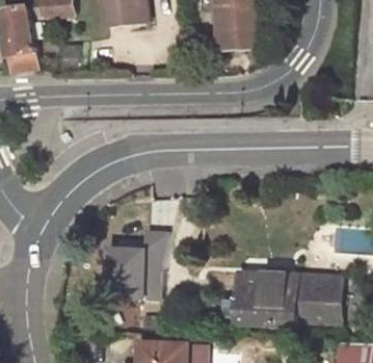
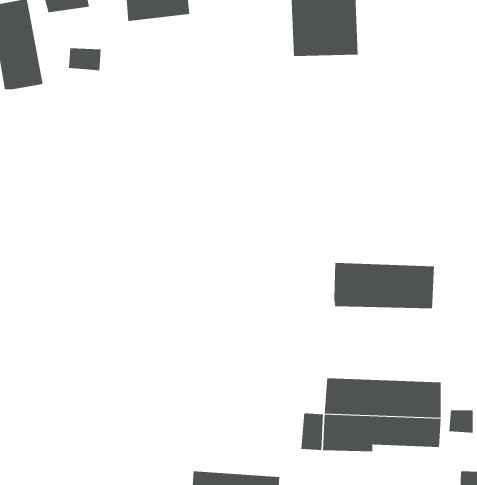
building: none -> [334,262,434,309]
building: [107,197,175,296] -> none

